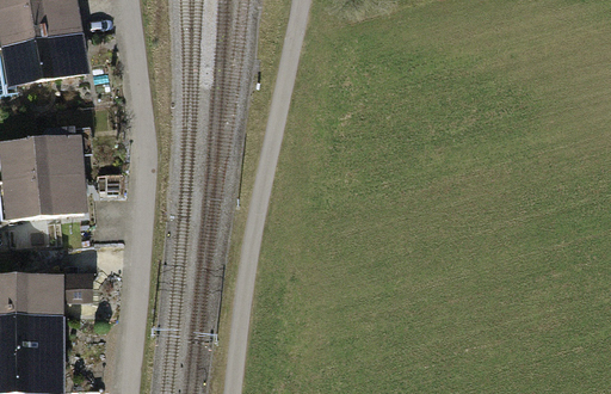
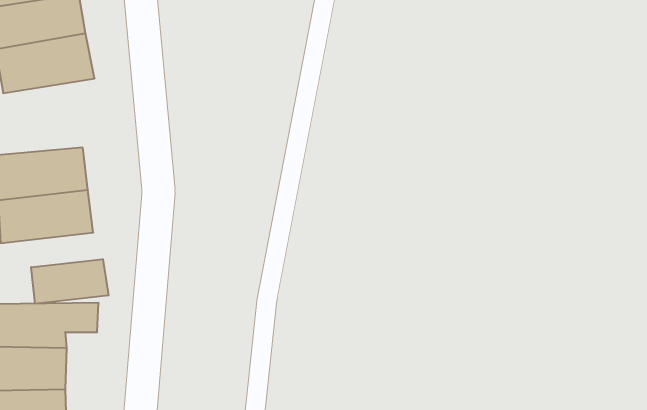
building: none -> [31,259,109,304]

